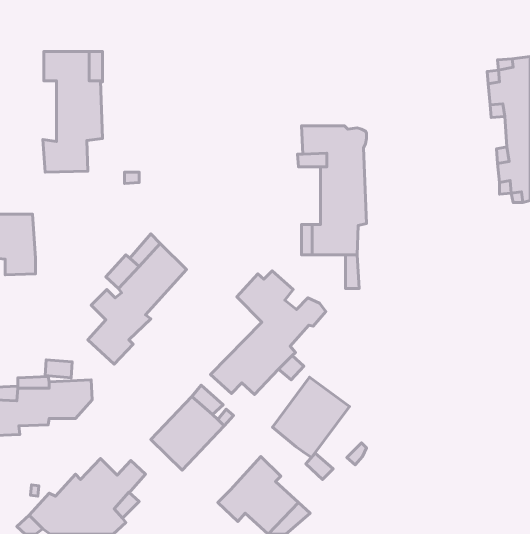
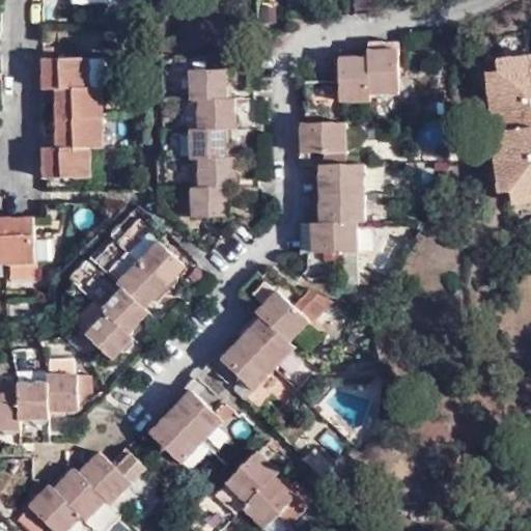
building: none -> [301,50,395,124]
building: none -> [188,69,235,218]
building: [272,377,349,458] -> none

